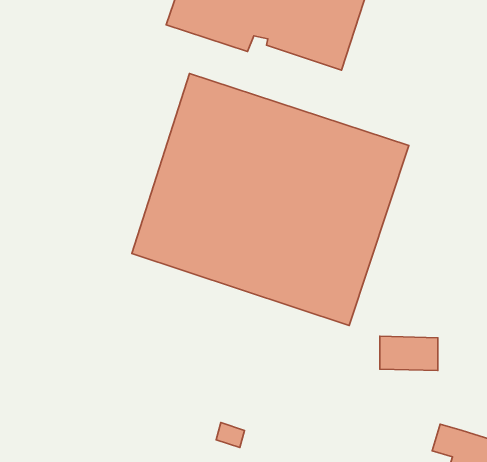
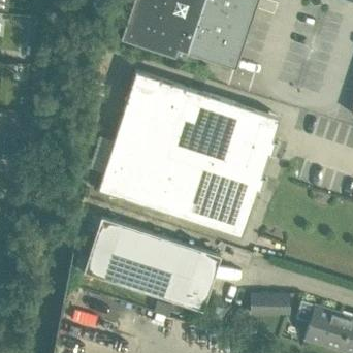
building: none -> [83,218,220,312]
building: [380,336,438,371] -> [251,293,289,316]

